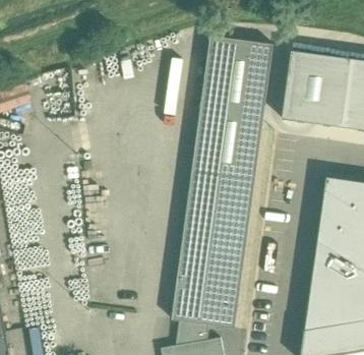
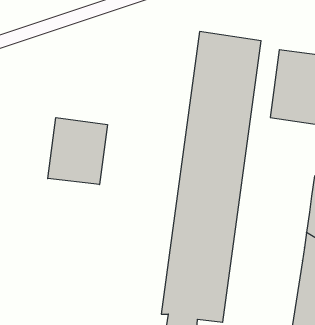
building: none -> [48,118,107,185]

